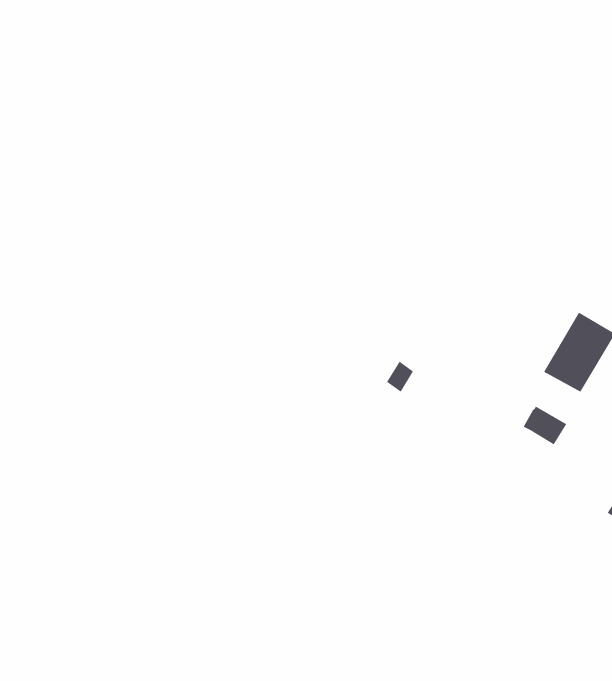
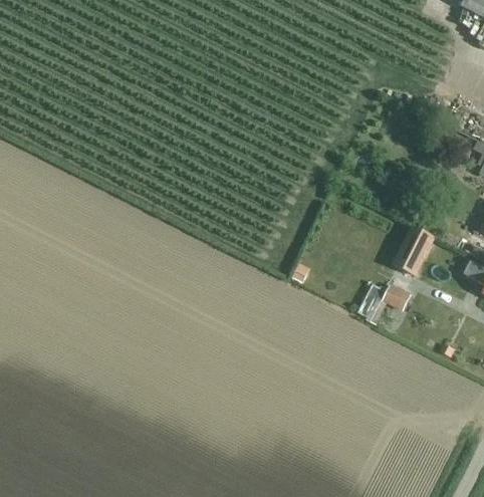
building: none -> [357,284,387,323]

